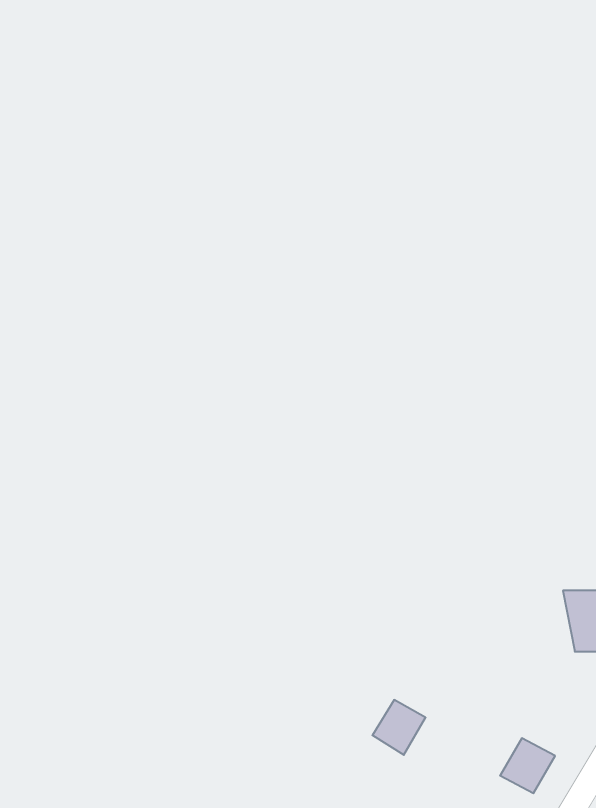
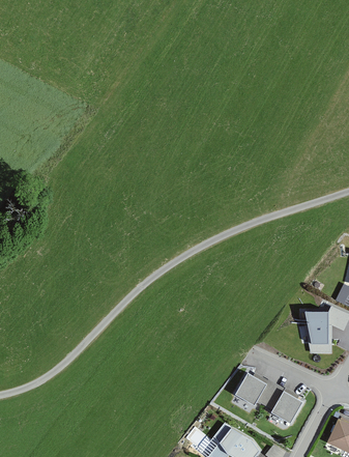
building: [372,700,426,755] -> [235,374,263,403]

